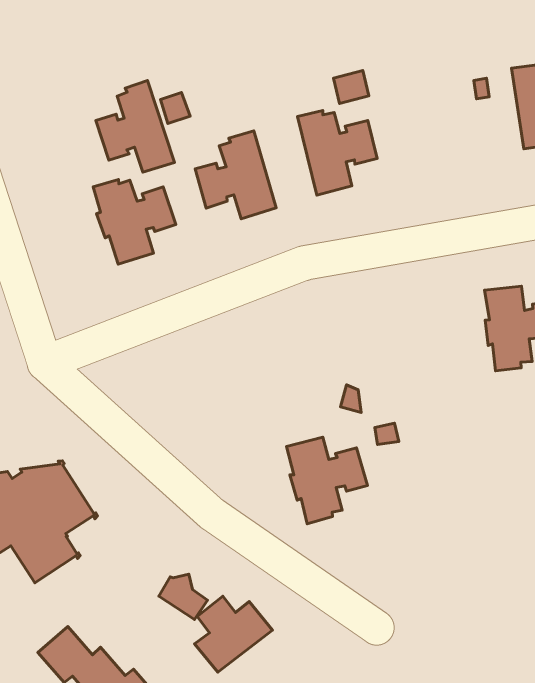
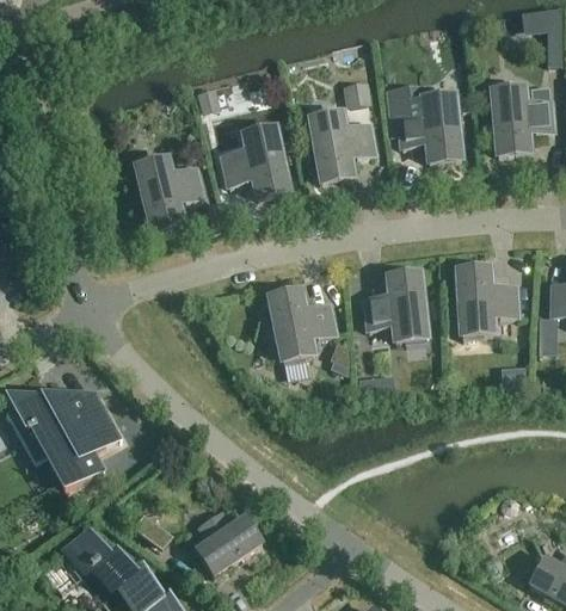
building: none -> [390,87,460,160]
building: [96,80,175,172] -> none
building: none -> [365,272,427,341]
building: [286,437,368,524] -> [270,290,336,362]
building: [159,574,208,620] -> [133,511,173,549]

